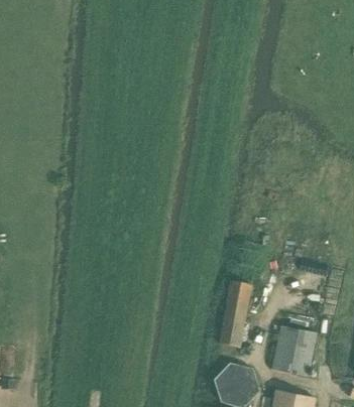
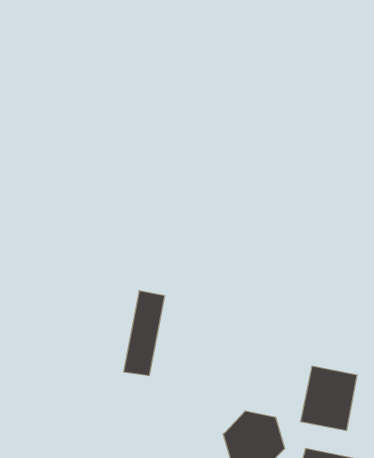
building: [219,281,251,348] -> [124,291,165,376]

